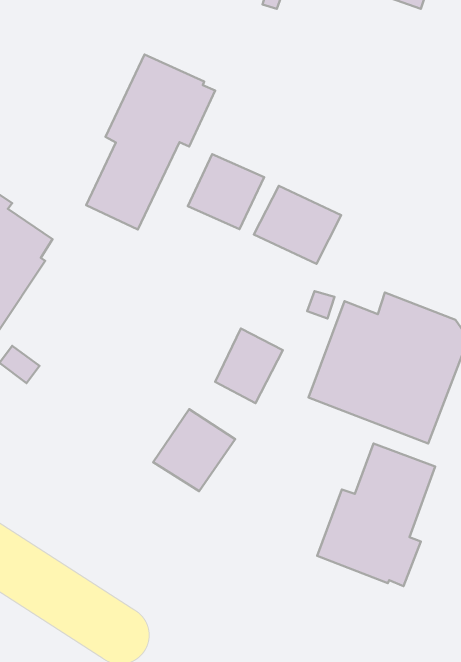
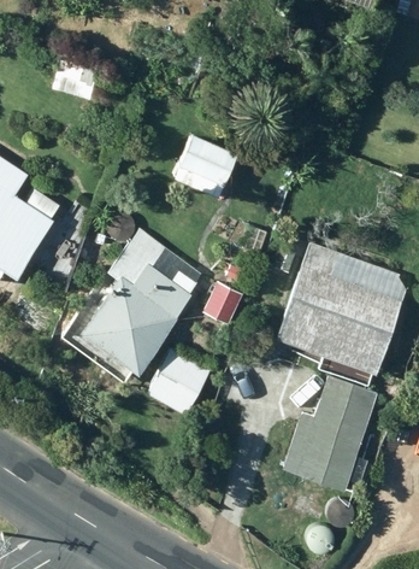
building: [86,55,215,230] -> none
building: [254,186,341,264] -> none
building: none -> [67,227,203,379]

